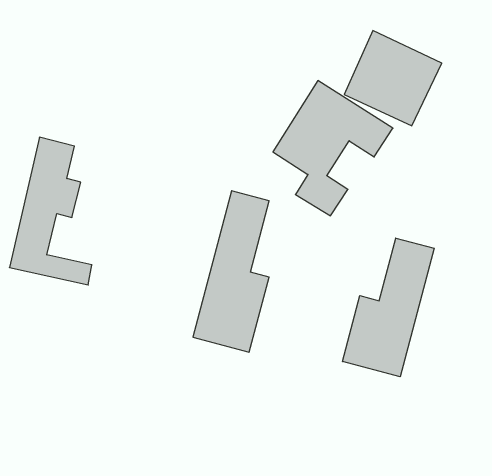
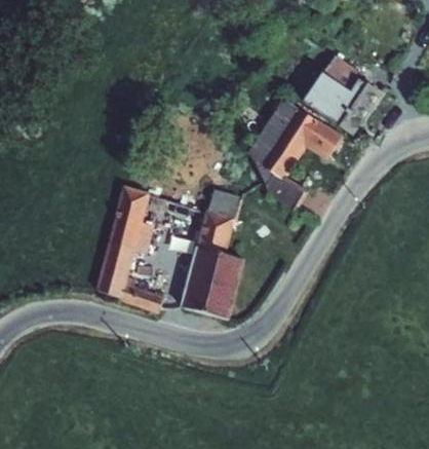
building: [9,137,92,285] -> [96,187,164,308]
building: [343,238,434,377] -> none

